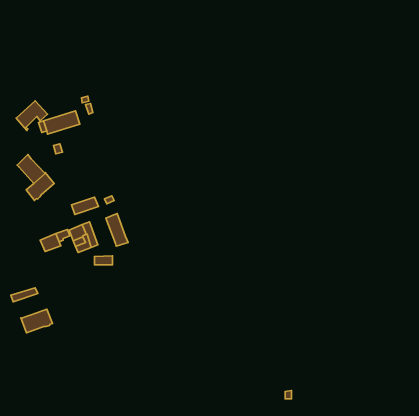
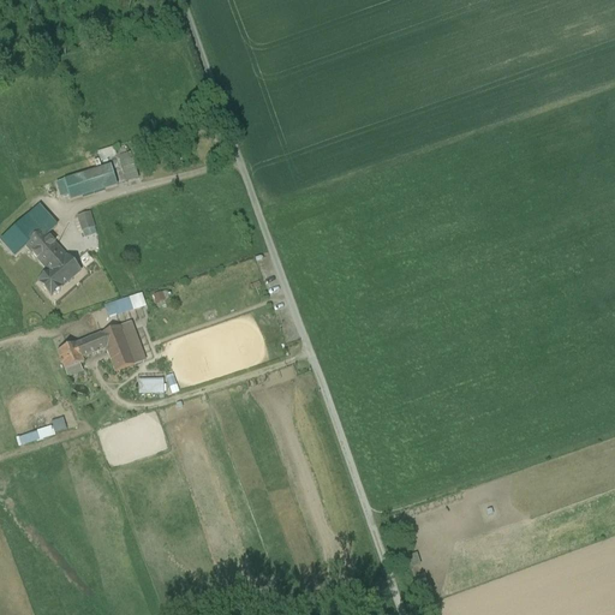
building: [16,101,47,131] -> [12,203,58,246]
building: [106,213,128,246] -> none
building: [21,309,53,333] -> none

